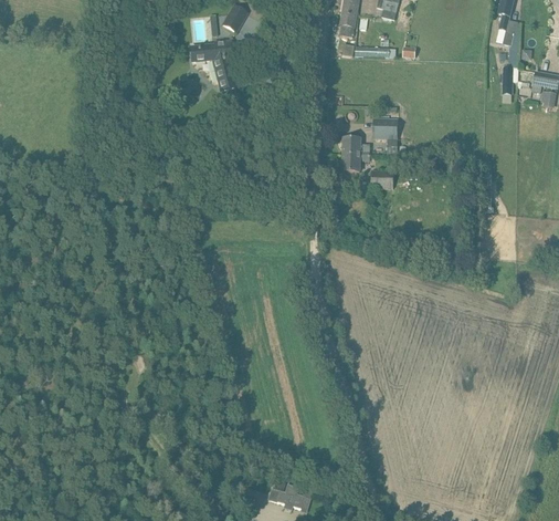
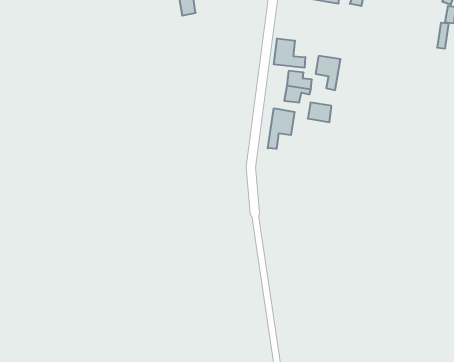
building: none -> [274,38,305,68]
building: none -> [268,108,295,149]

